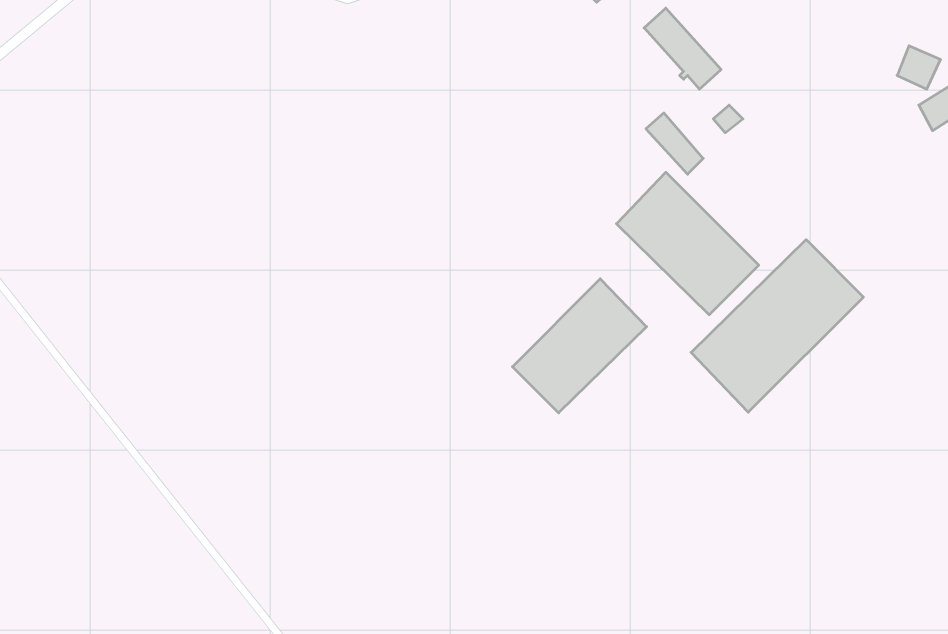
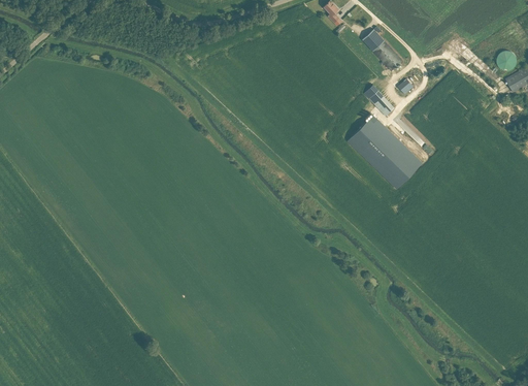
building: [691,240,863,412] -> none
building: [512,279,647,413] -> none

